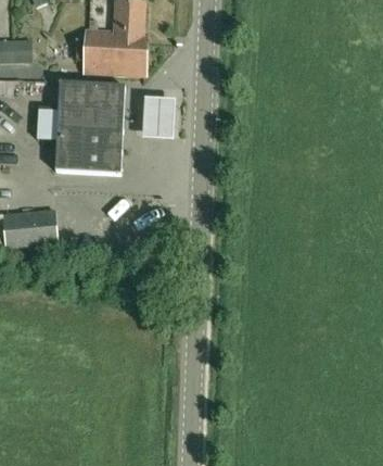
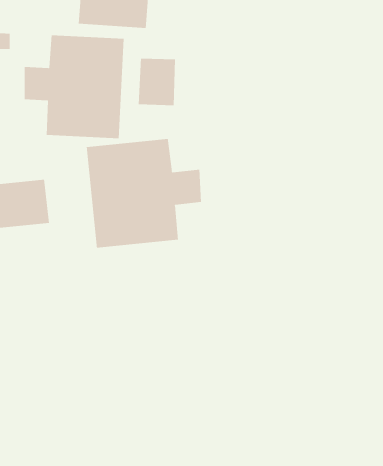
building: none -> [86,138,201,249]

